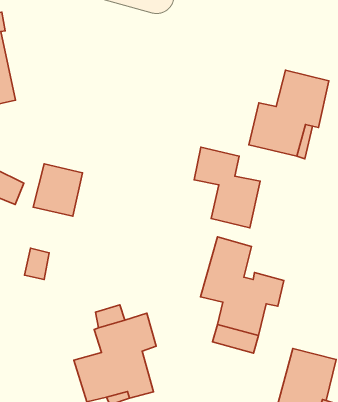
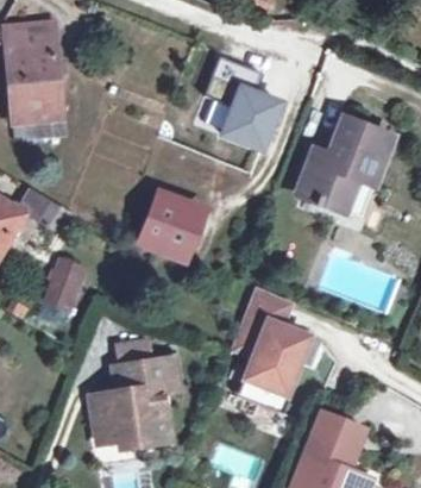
building: [194,147,260,228] -> [208,62,277,152]
building: [33,164,83,216] -> [142,196,197,255]

